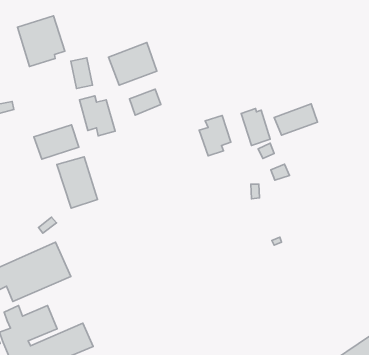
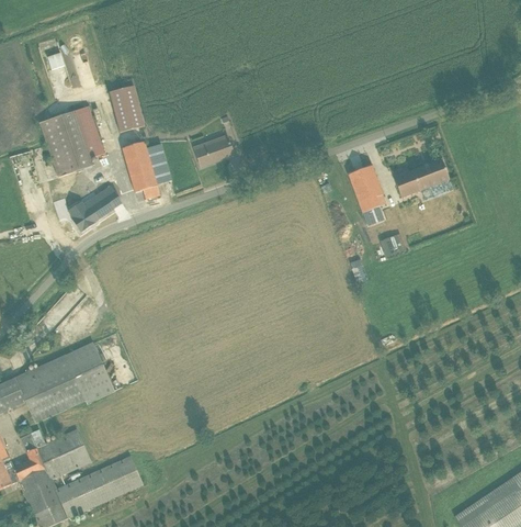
building: [17,16,65,67] -> [43,103,107,172]
building: [109,43,157,85] -> none
building: [199,115,231,156] -> none
building: [57,157,98,208] -> none

